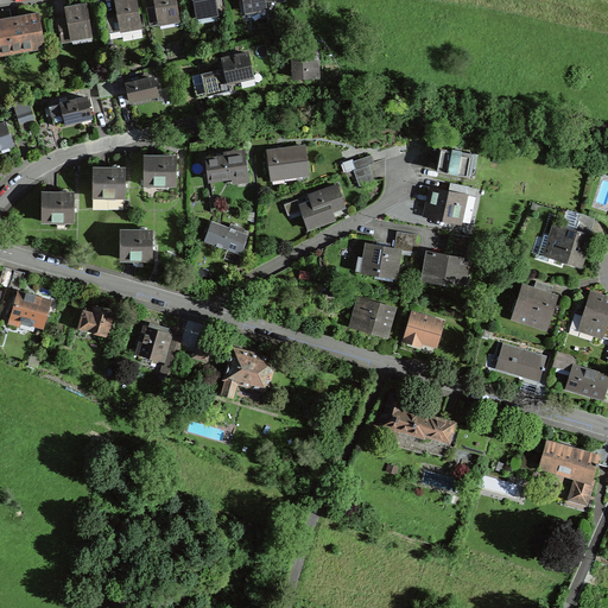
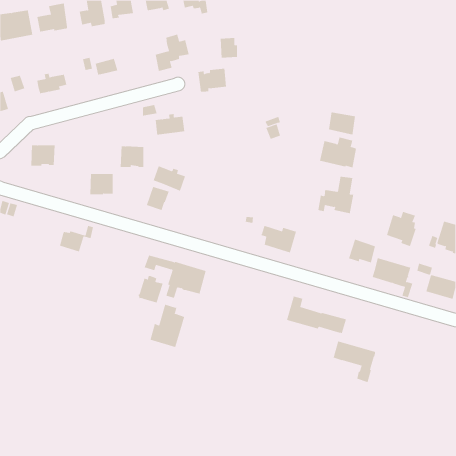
building: [267,147,306,179] -> [197,68,227,92]
building: [142,157,175,185] -> [120,146,144,167]
building: [91,169,125,197] -> none
building: [299,186,344,229] -> none
building: [536,214,594,267] -> none
building: [361,232,416,278] -> none
building: none -> [146,186,169,211]
building: [7,293,50,328] -> none
building: [404,314,441,346] -> [348,239,376,263]
building: [135,324,170,361] -> [137,275,163,303]
building: none -> [150,304,185,348]
building: [539,442,597,499] -> [332,340,376,383]

